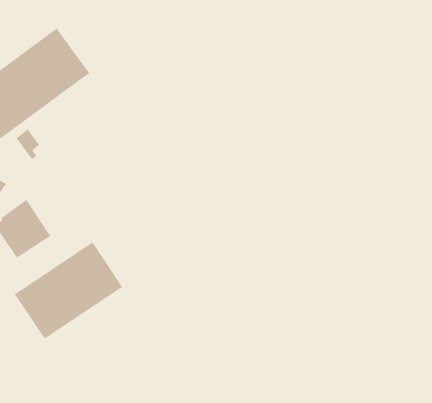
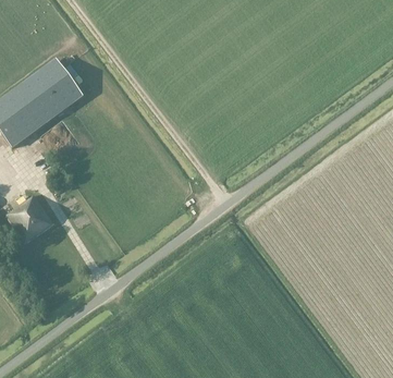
building: [14,242,123,340] -> none

